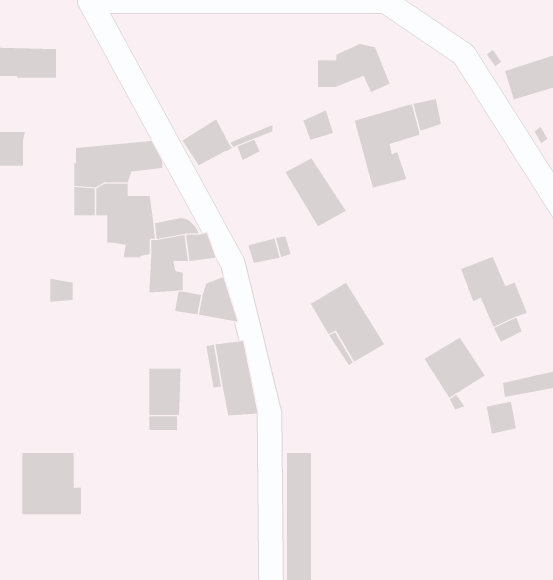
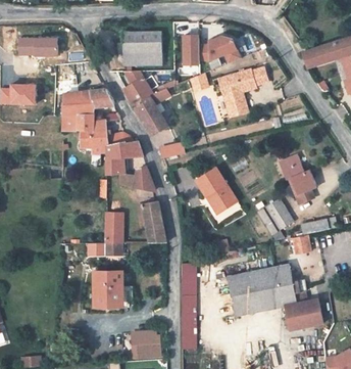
building: none -> [123,32,163,65]
building: none -> [184,37,199,64]
building: [284,158,347,227] -> [133,96,167,135]
building: none -> [229,264,322,329]
building: [21,452,82,515] -> [94,272,128,307]

